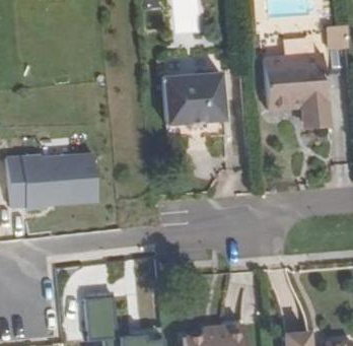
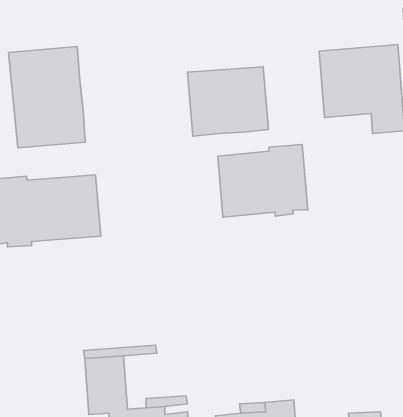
building: none -> [8,47,85,148]
building: none -> [218,145,308,217]

